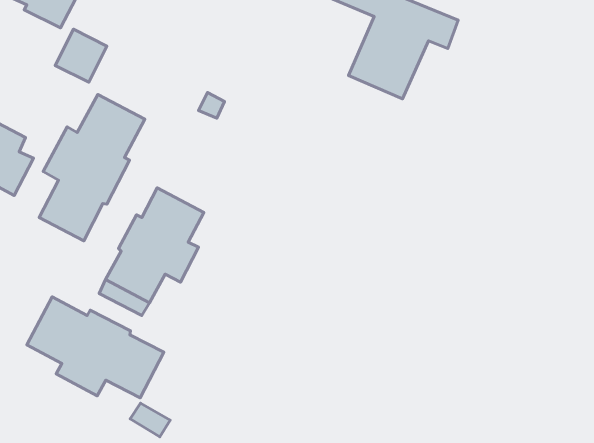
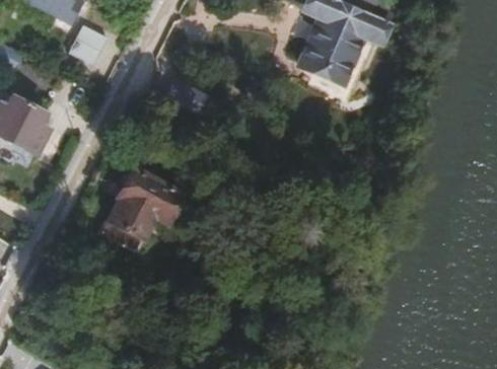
building: [39,94,145,241] -> none
building: [27,297,164,398] -> none

